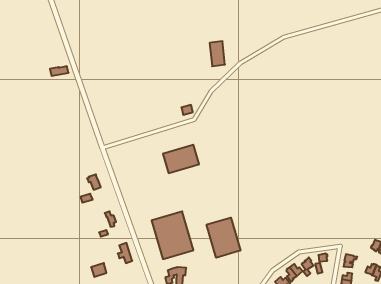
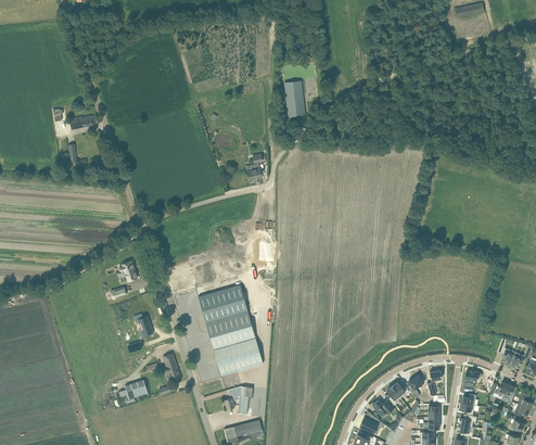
building: [163,145,199,173] -> [197,284,246,322]
building: [207,218,240,258] -> none

